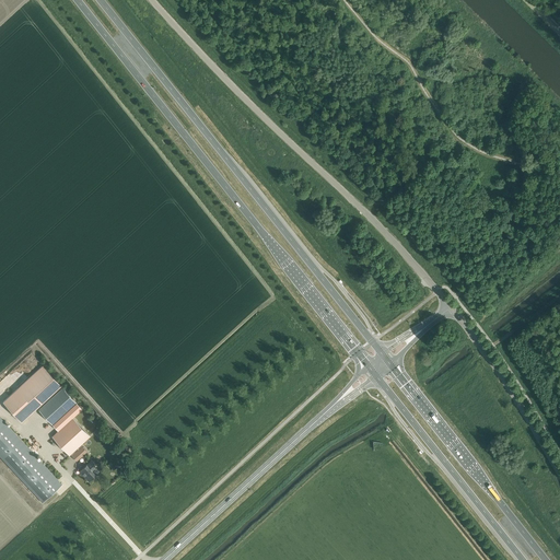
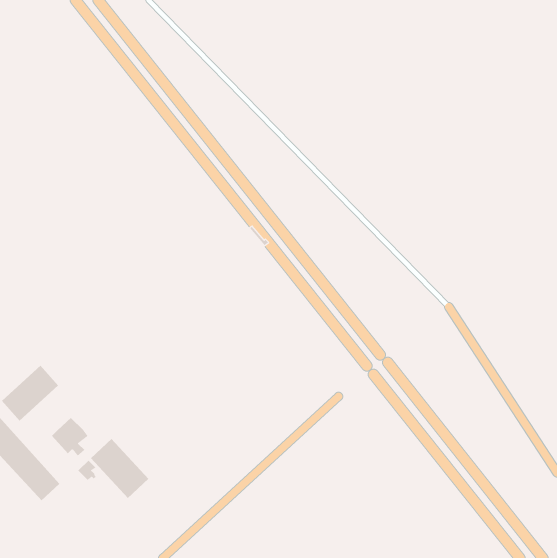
building: [37,387,81,431] -> none
building: none -> [90,438,149,499]

